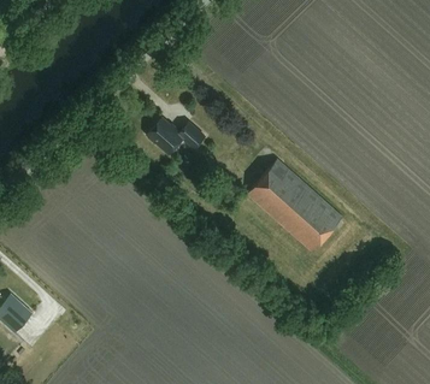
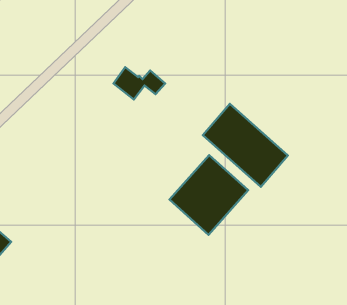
building: none -> [170,155,248,235]

